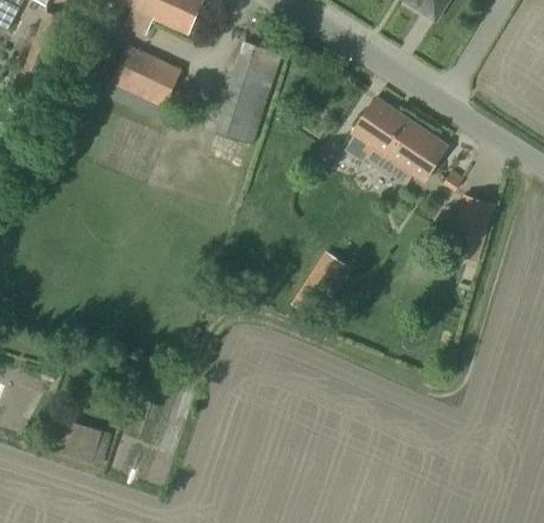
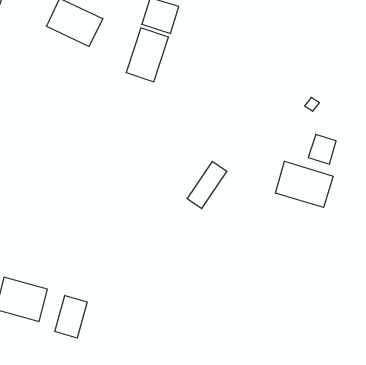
building: [346,97,448,183] -> none
building: none -> [276,161,333,207]
building: none -> [55,295,87,338]

